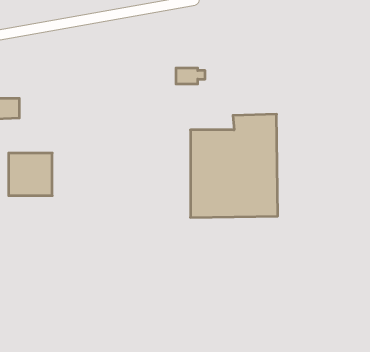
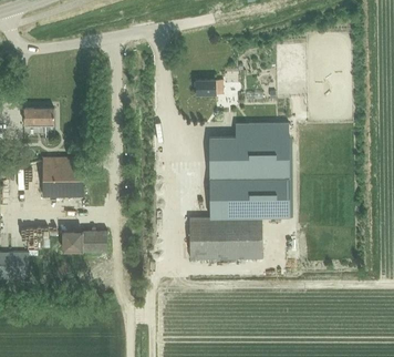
building: none -> [189,218,262,259]
building: none -> [61,231,107,253]

